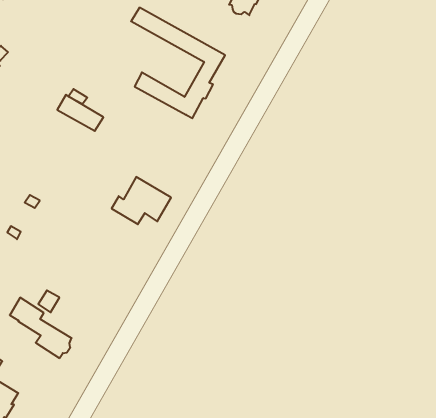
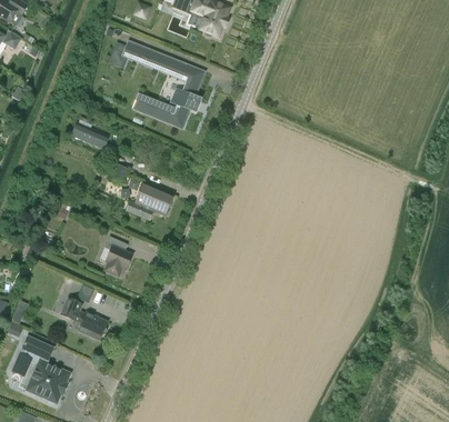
building: none -> [99,235,132,275]

